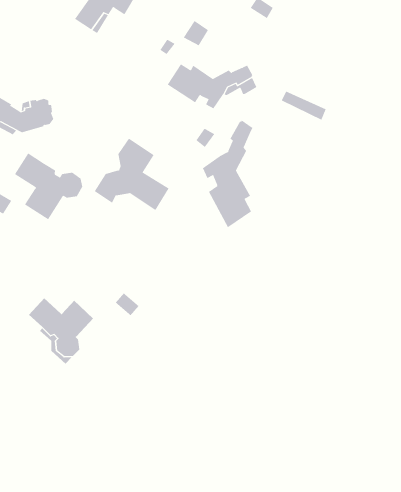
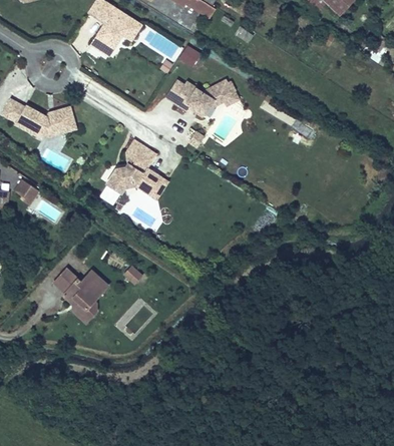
building: [202,119,253,228] -> none
building: [14,153,83,220] -> none

